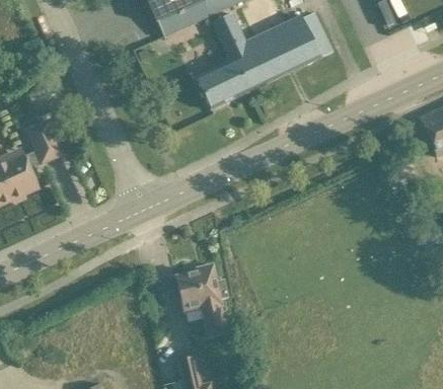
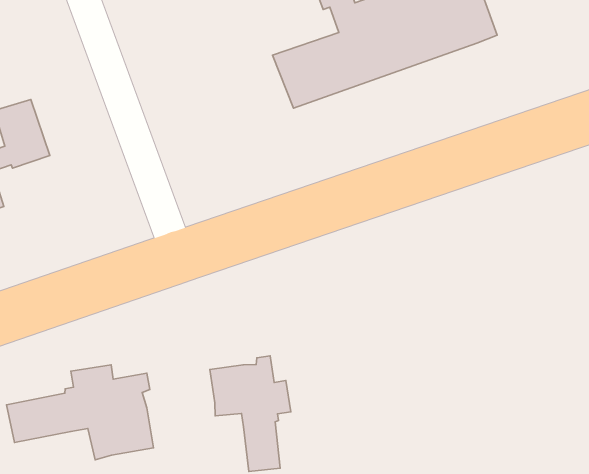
building: none -> [7,365,154,460]

